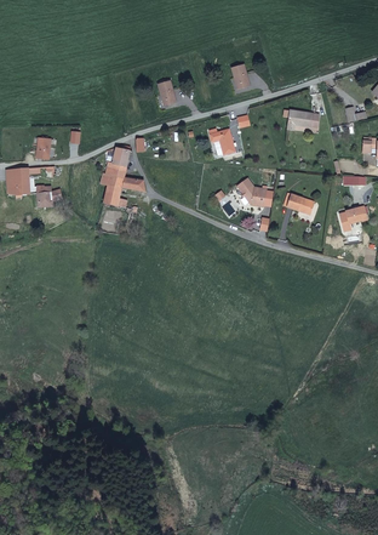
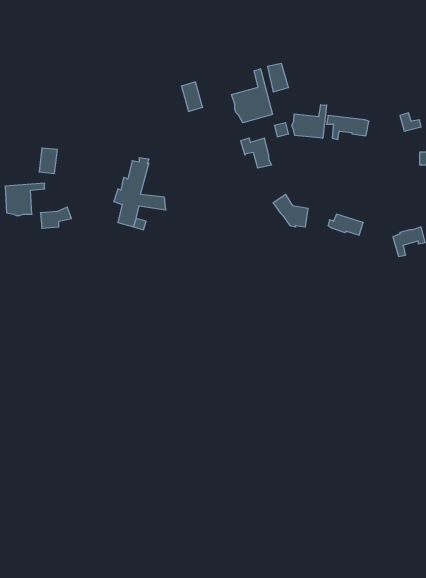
building: none -> [232,69,272,123]
building: none -> [292,105,327,138]

